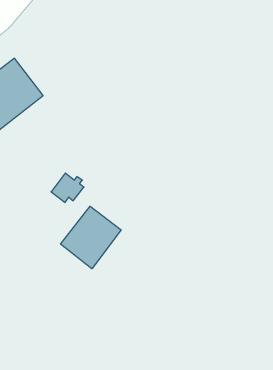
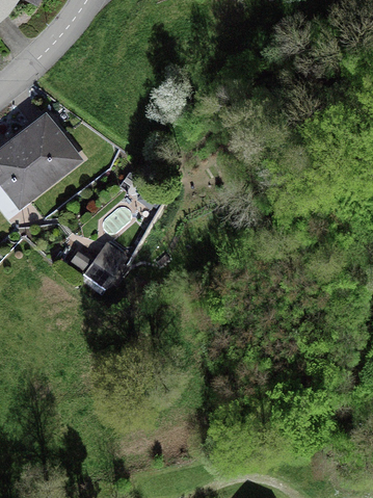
building: [61,206,121,269] -> none

